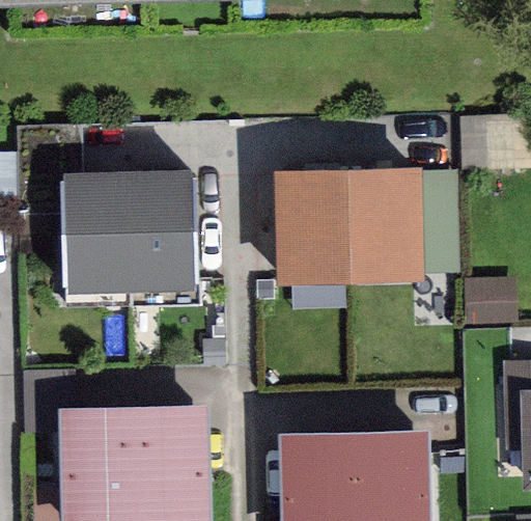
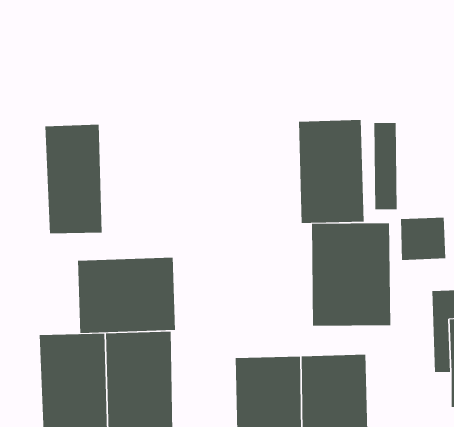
building: [275,168,353,284] -> none
building: [125,169,194,294] -> none
building: none -> [311,223,391,326]
building: none -> [78,257,176,334]

